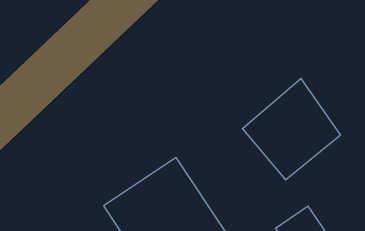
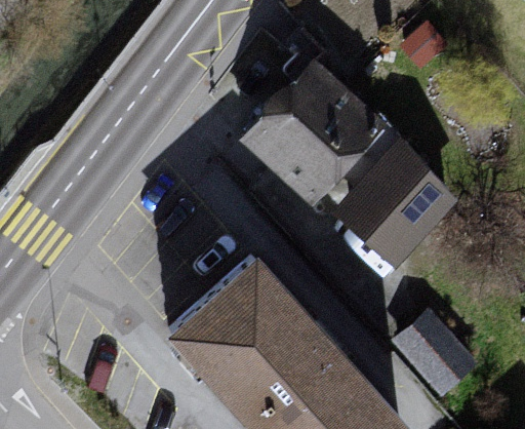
building: none -> [243,65,383,205]

